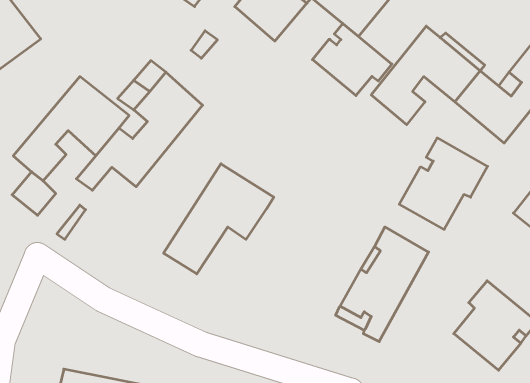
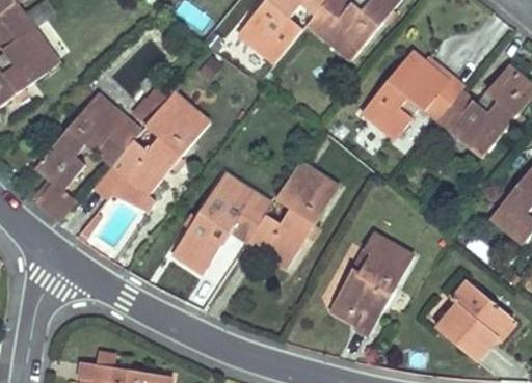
building: [312,23,392,96] -> none
building: [399,138,488,229] -> none
building: none -> [248,163,339,268]

